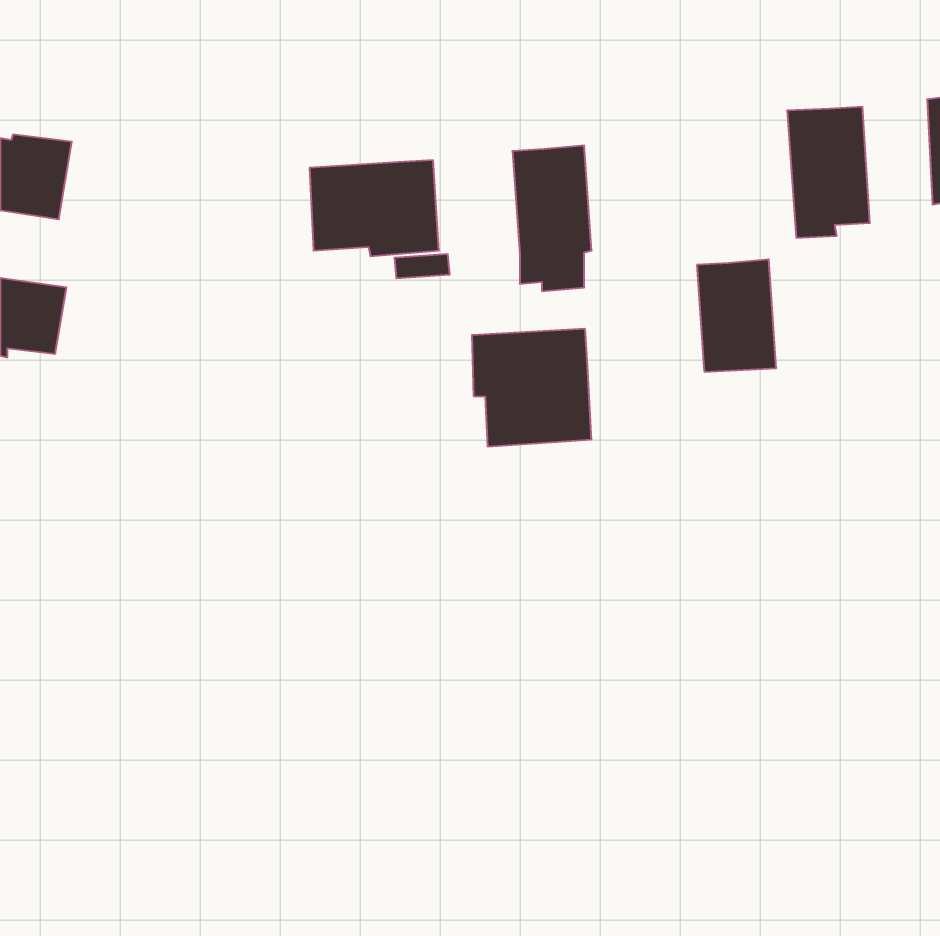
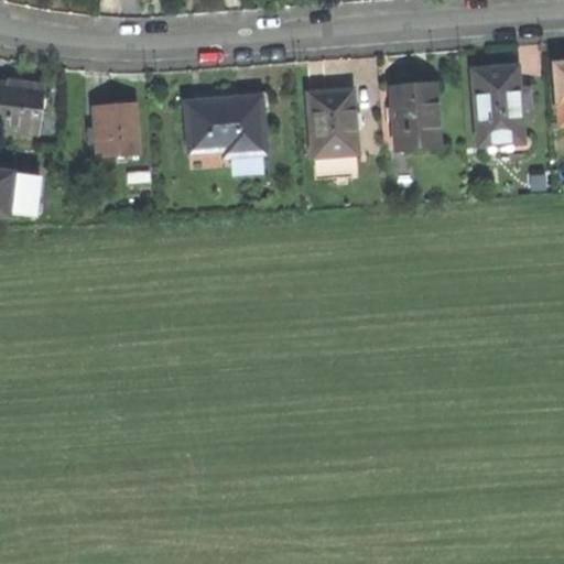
building: none -> [93,106,138,153]
building: [697,259,776,372] -> [391,79,438,147]
building: [472,329,591,447] -> none

